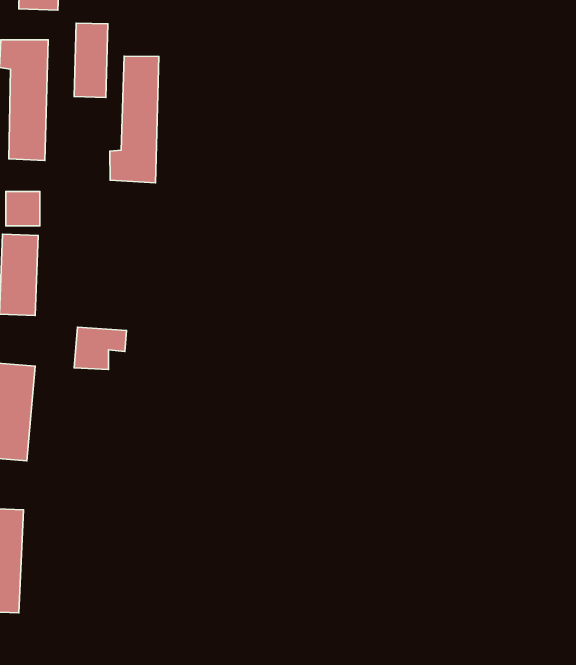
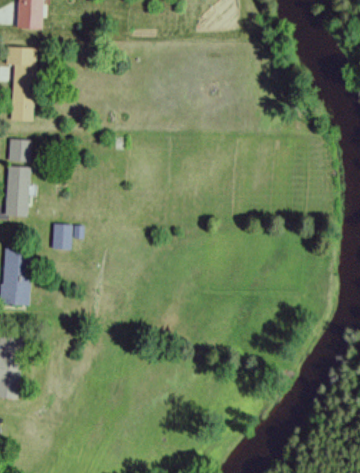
building: [74,23,108,97] -> none
building: [110,56,159,183] -> none

